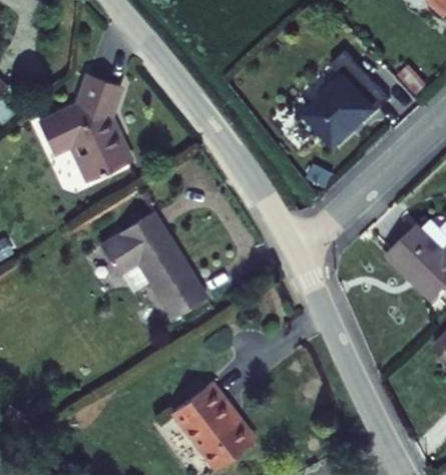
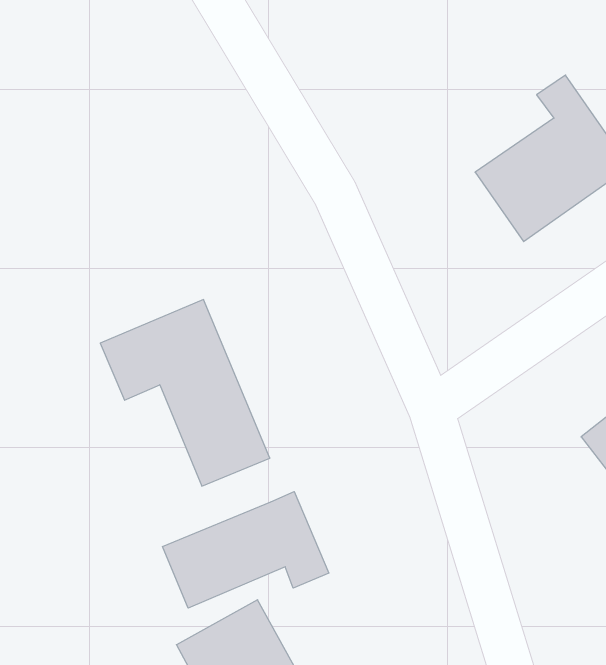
building: [36,73,131,181] -> none
building: none -> [163,492,329,608]

